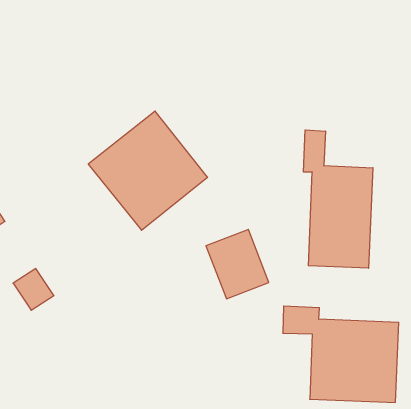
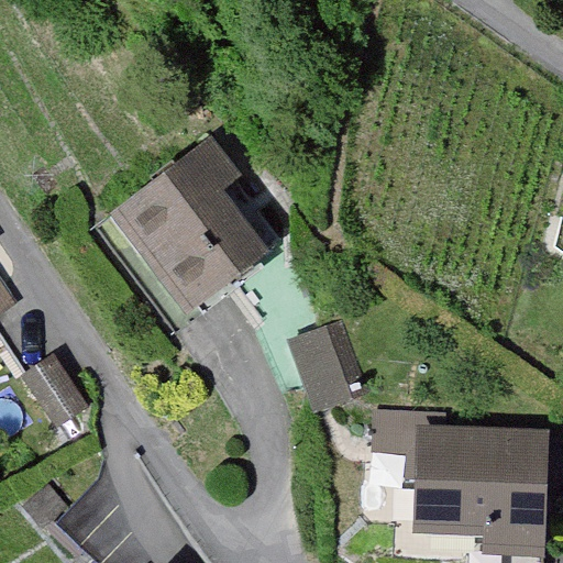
building: [304,130,373,268] -> none

